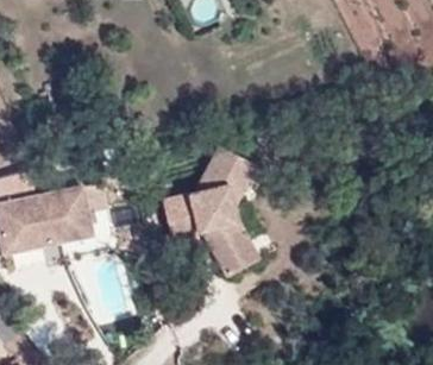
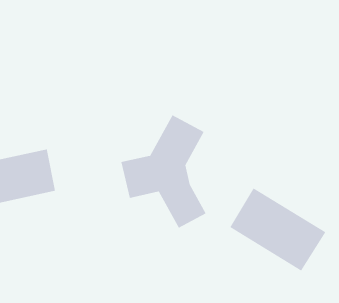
building: none -> [229,187,326,272]

